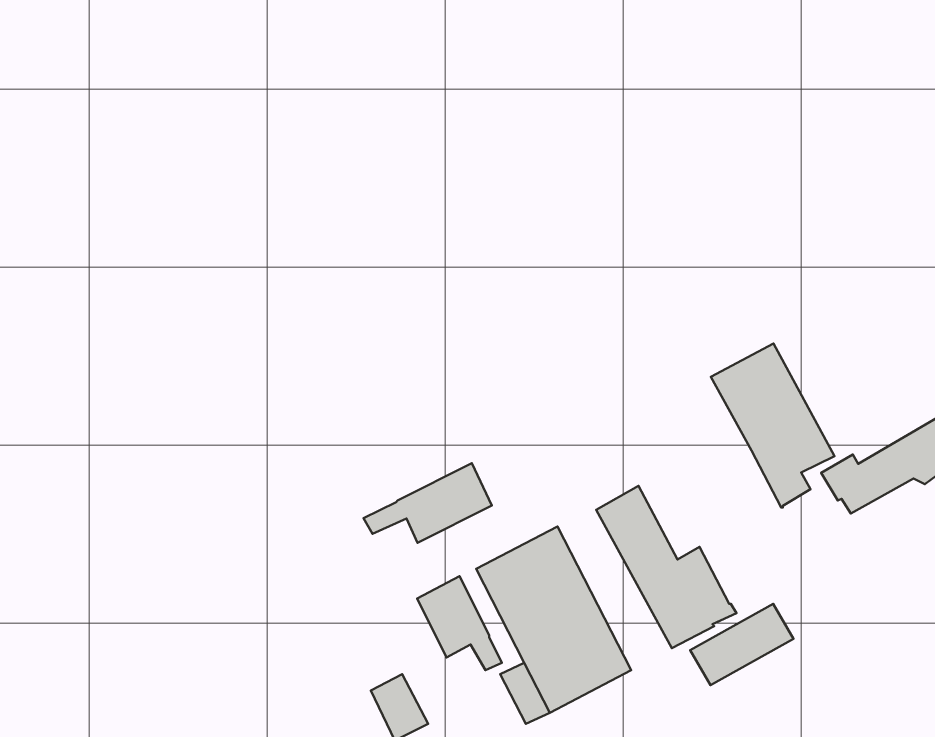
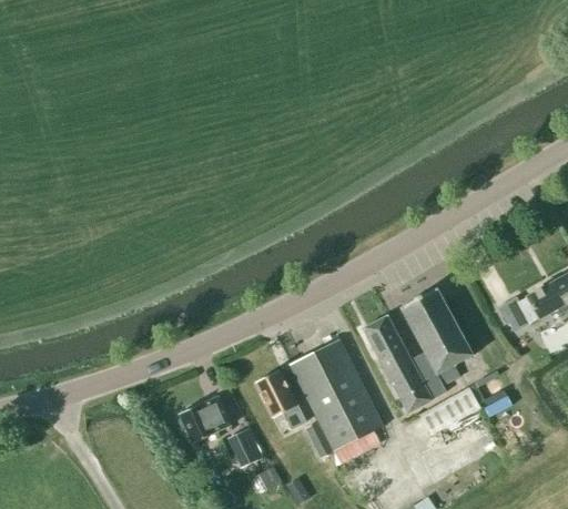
building: [711,343,835,508] -> [400,288,475,387]
building: [364,463,492,543] -> none
building: none -> [180,397,232,444]

